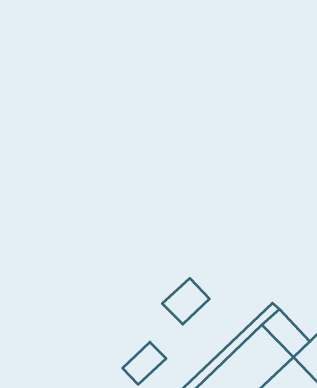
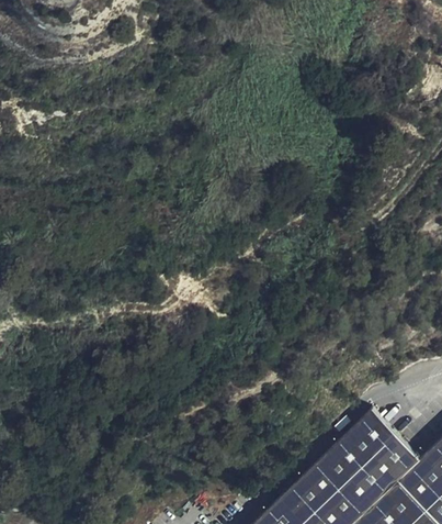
building: [162,278,209,324] -> none
building: [123,342,166,384] -> none

